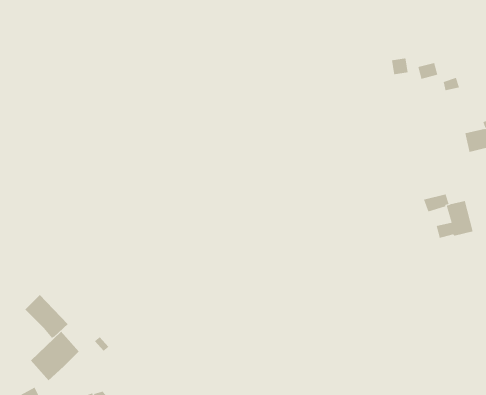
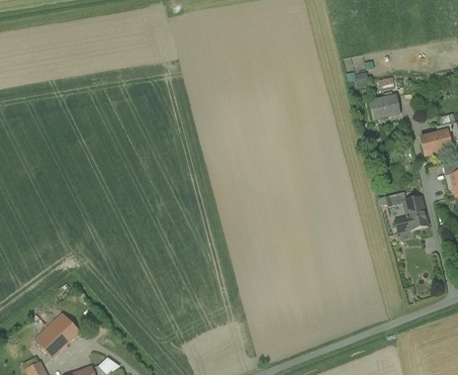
building: none -> [368,95,400,119]
building: [24,294,68,339] -> none

